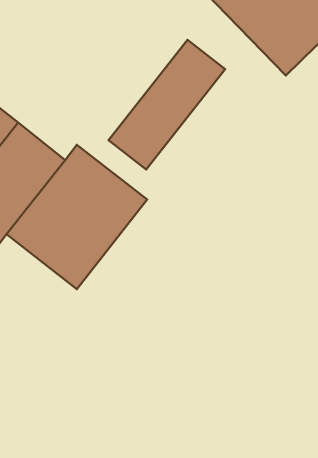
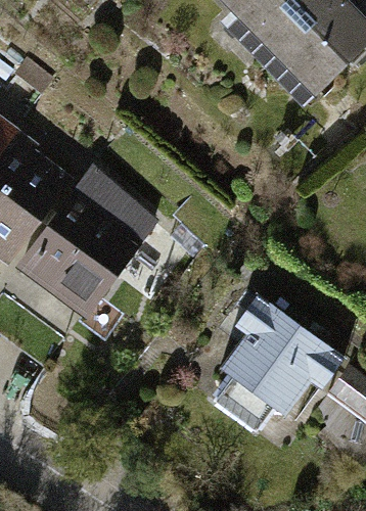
building: [109,40,225,170] -> none
building: none -> [216,300,334,417]

